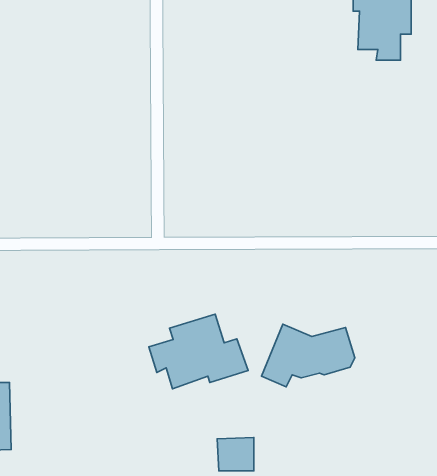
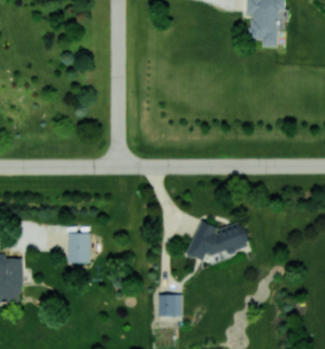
building: [149,314,248,389] -> none
building: none -> [67,234,90,264]

